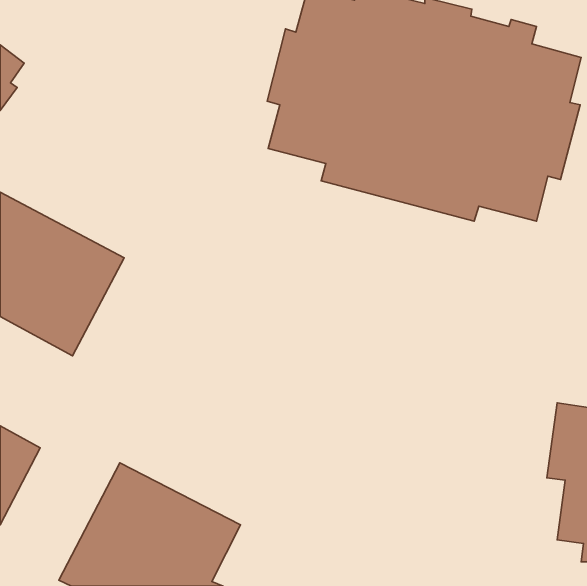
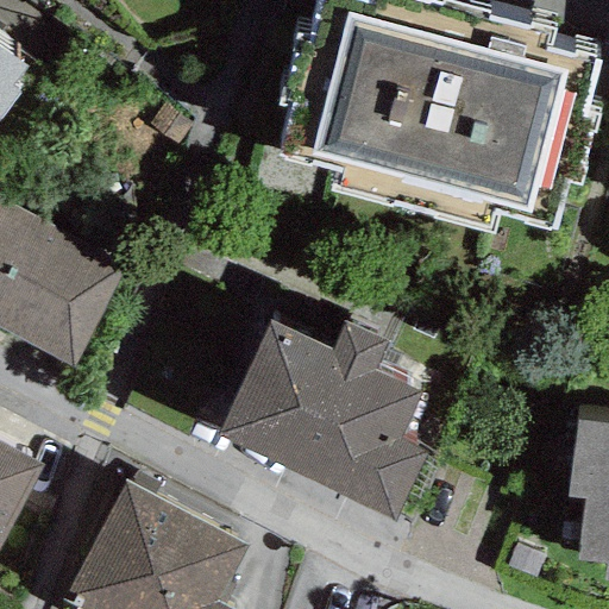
building: none -> [214,319,426,517]

